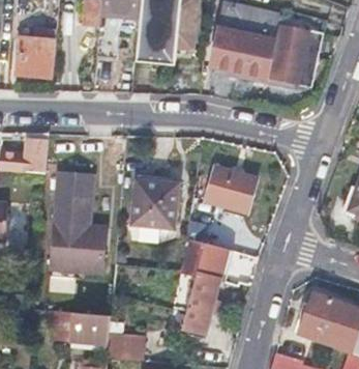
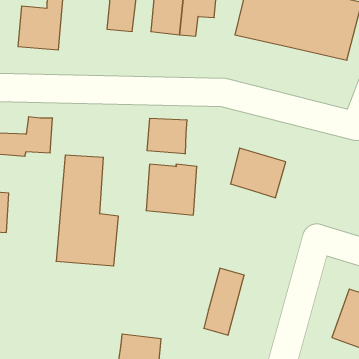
building: none -> [147,118,187,154]
building: [182,237,233,280] -> none
building: [71,311,111,341] -> none

